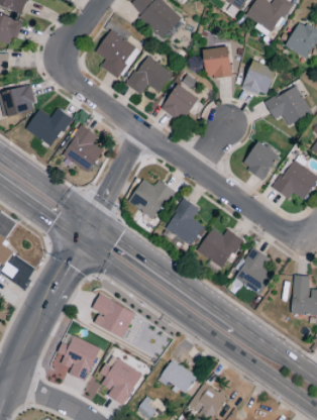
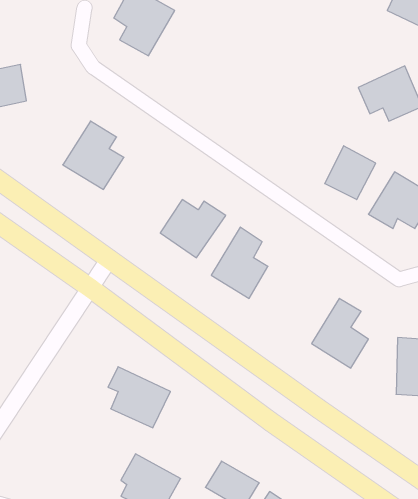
building: [203,46,231,78] -> none
building: [126,56,173,95] -> none
building: [242,61,276,96] -> none
building: [161,85,198,122] -> none
building: [25,108,72,147] -> none
building: [197,228,242,269] -> none
building: [60,334,99,381] -> none

